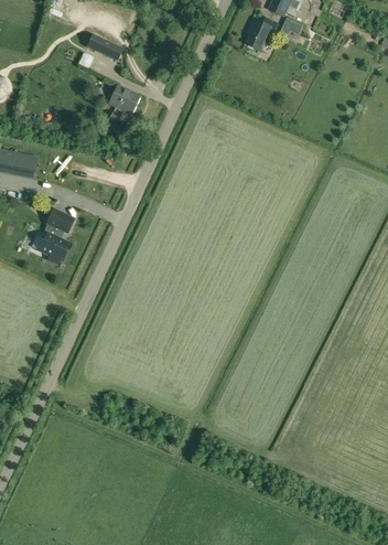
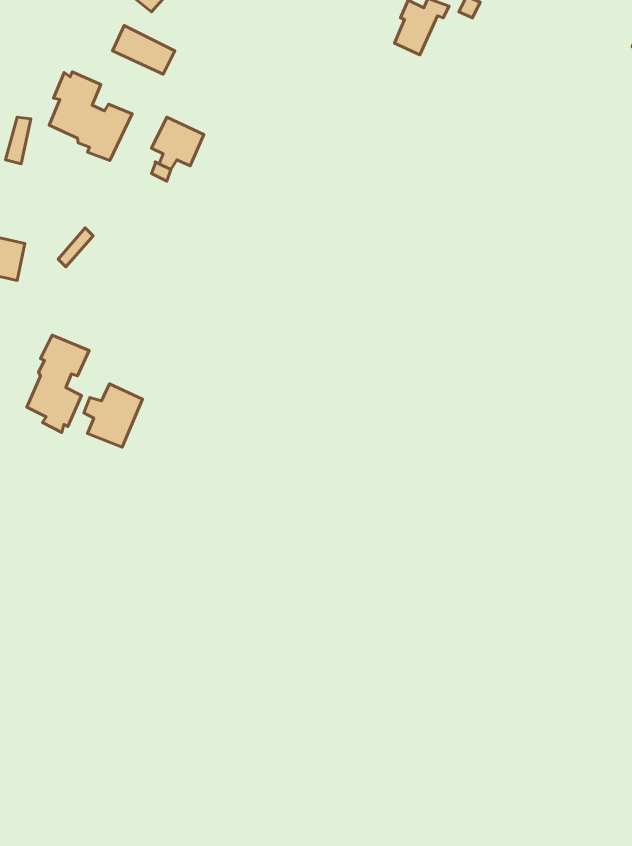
building: none -> [49,72,132,161]
building: none -> [84,384,142,447]

